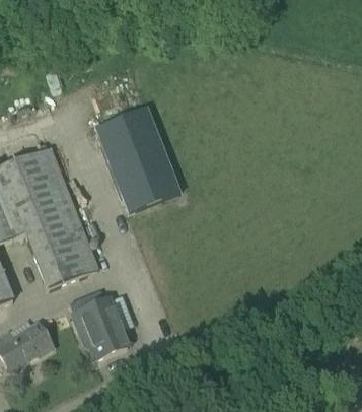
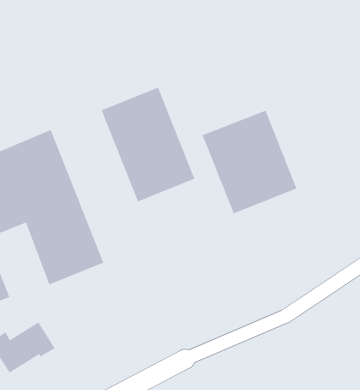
building: none -> [202,110,297,214]
building: [70,289,134,358] -> none

